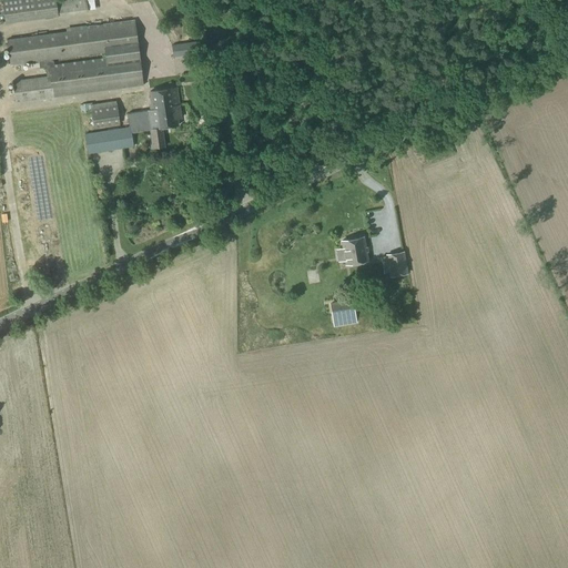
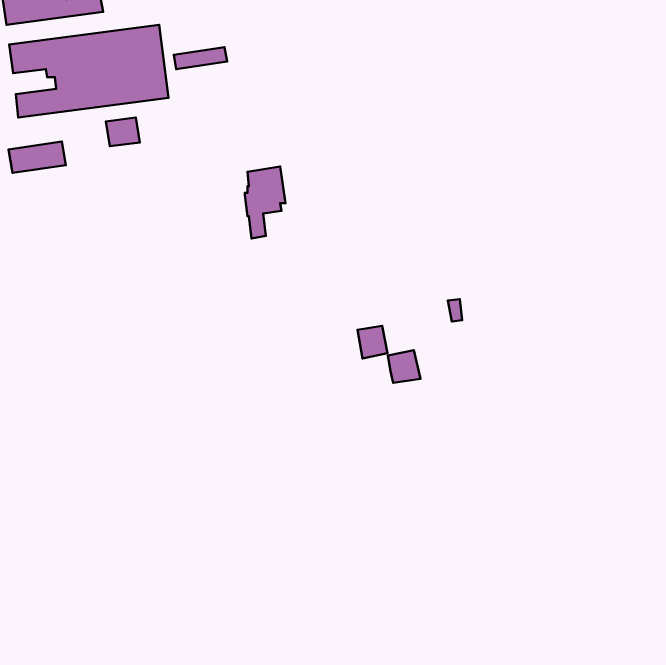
building: [148,85,182,146] -> [245,167,285,238]
building: [85,125,134,152] -> [8,142,66,173]
building: [343,235,368,263] -> [357,326,387,359]

